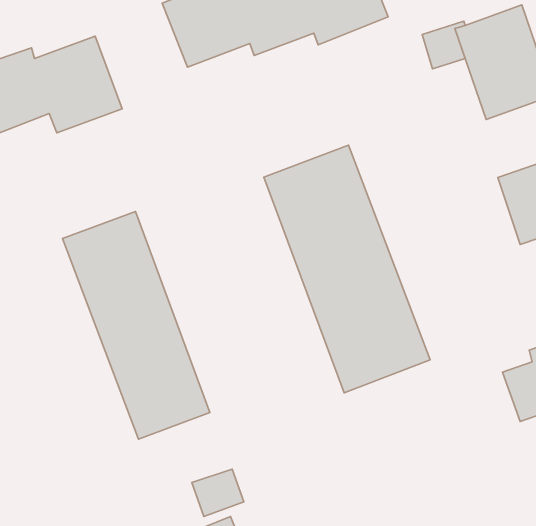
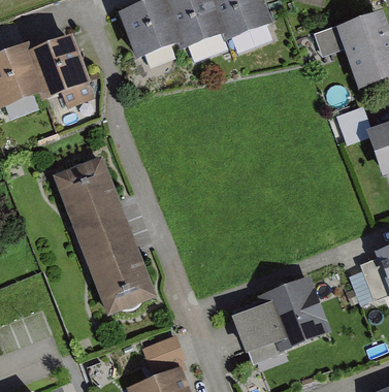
building: [264,145,430,393] -> none
building: none -> [235,280,327,352]

